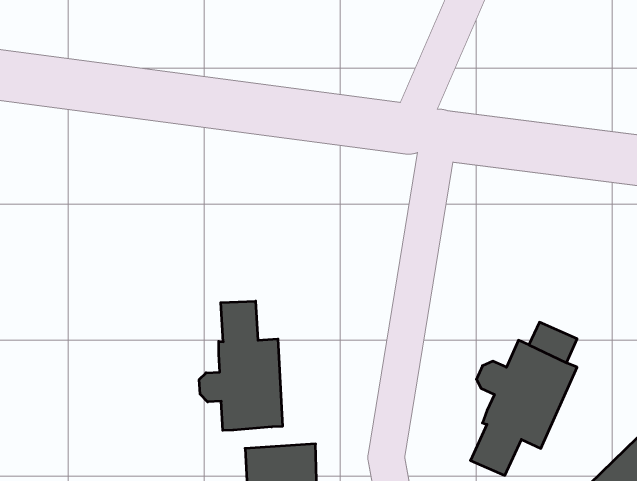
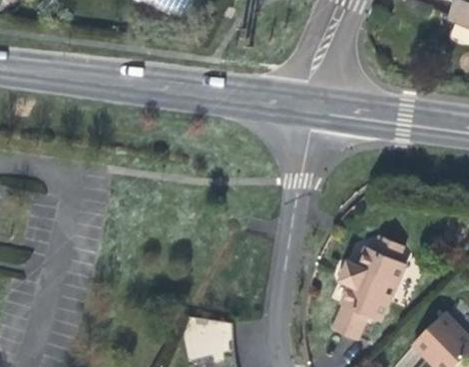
building: [199,301,282,430] -> none

